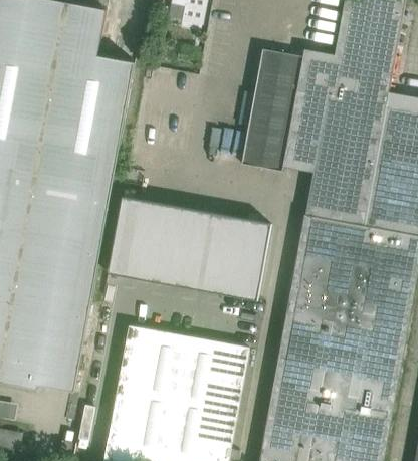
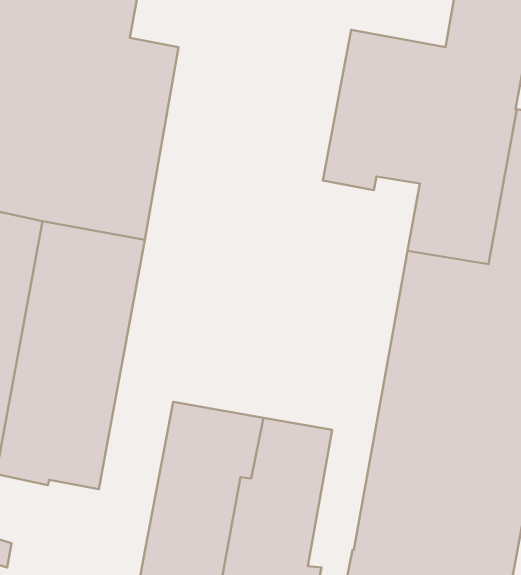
building: [108,197,271,300] -> none

